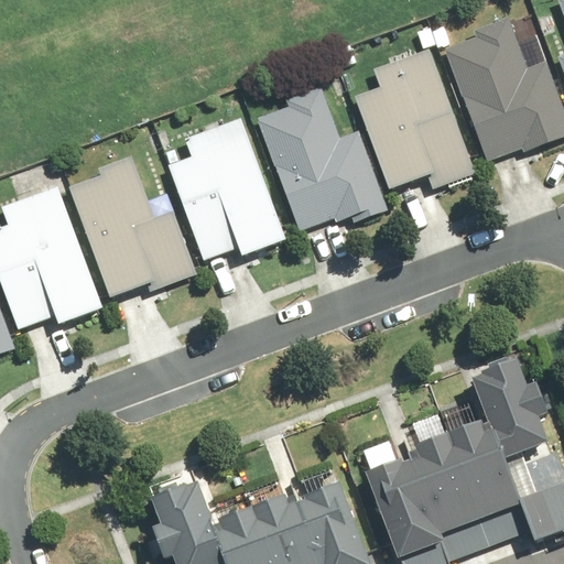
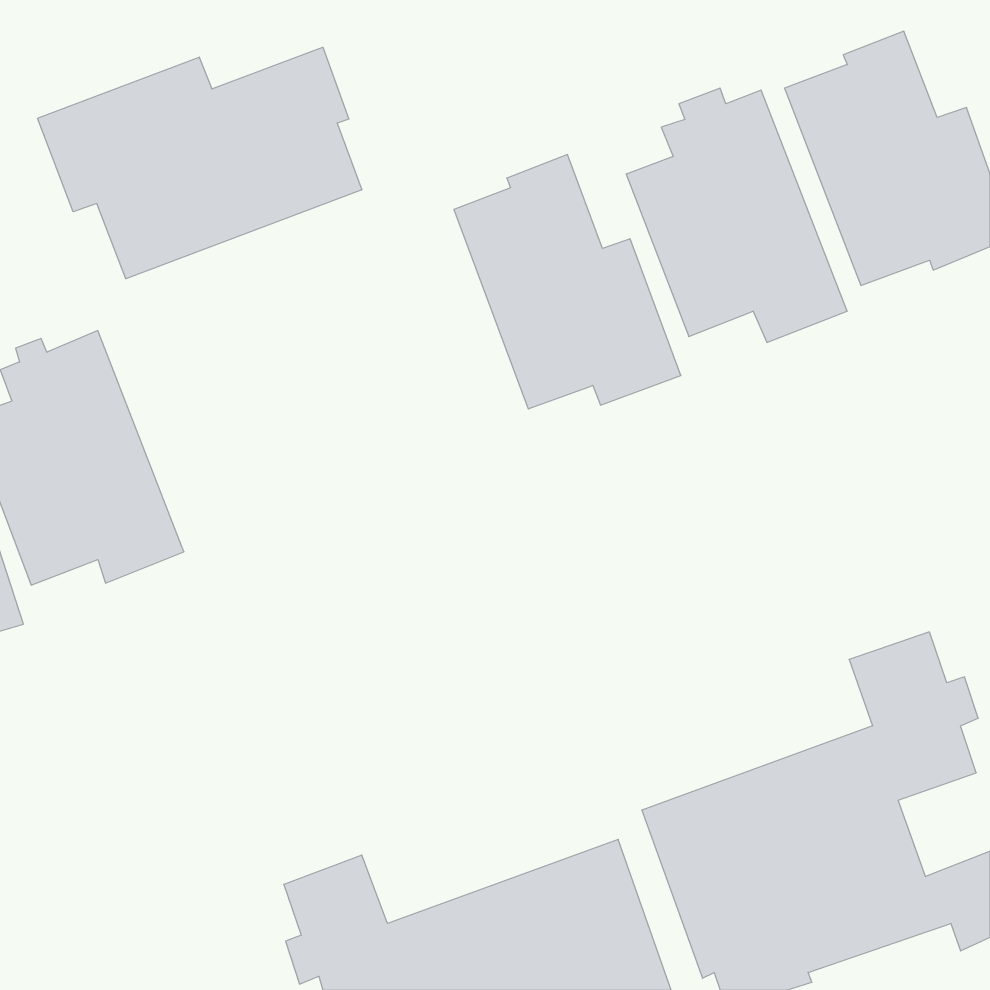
building: none -> [37,47,362,279]
building: [165,127,289,273] -> none
building: [70,158,198,299] -> none

